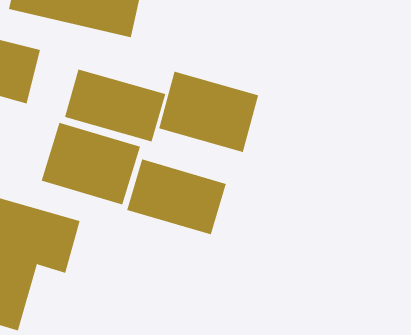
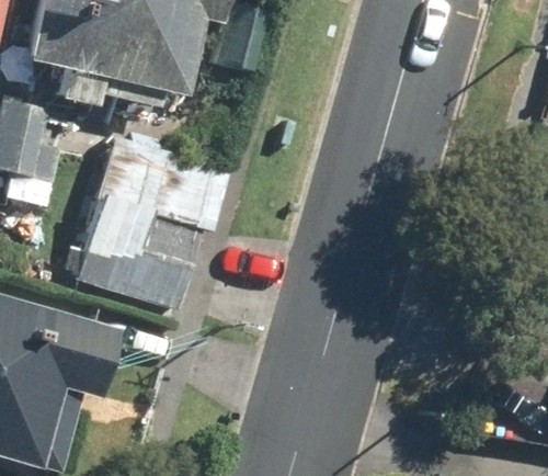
building: [158,71,259,153] -> none
building: [127,159,226,235] -> none

